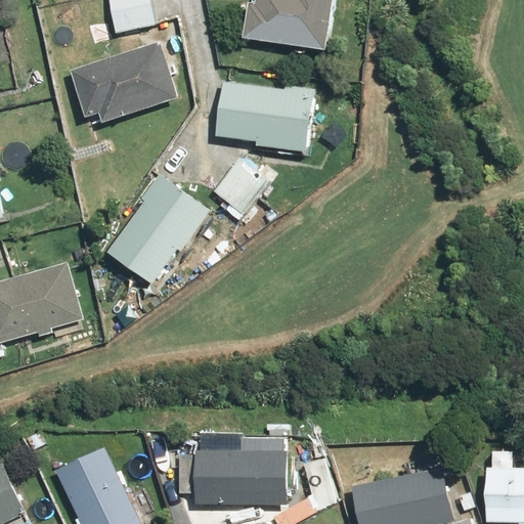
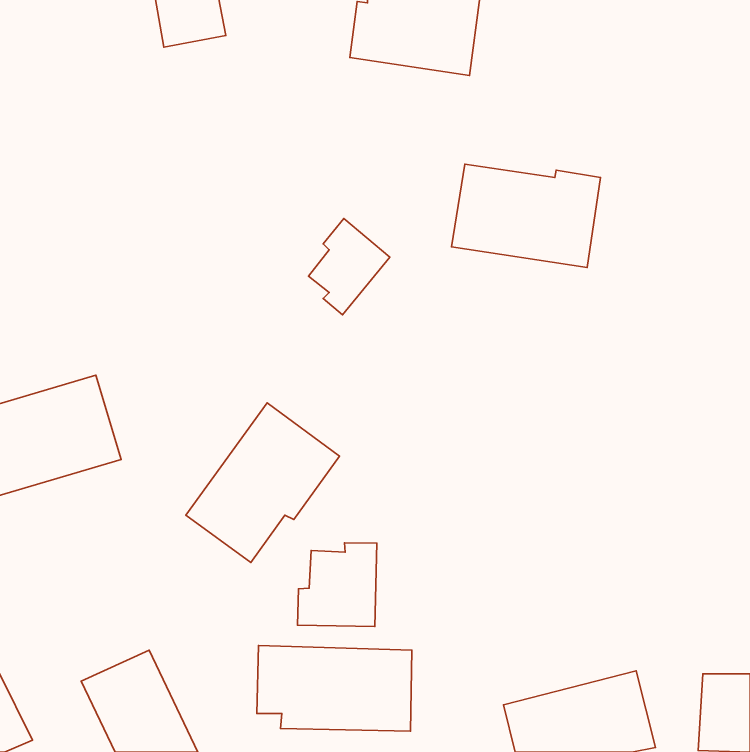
building: [70,41,178,125] -> none
building: [212,80,315,151] -> [451,164,601,268]
building: [106,174,213,285] -> [186,403,340,562]
building: none -> [298,543,377,626]

